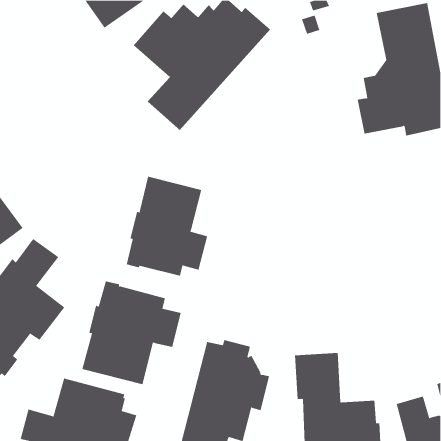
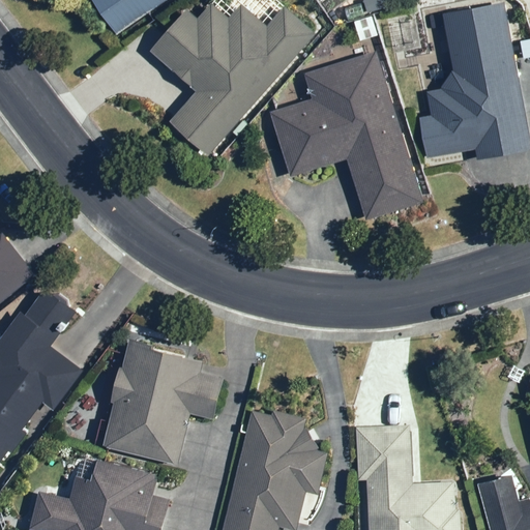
building: none -> [277,43,432,225]
building: [126,176,208,276] -> none

